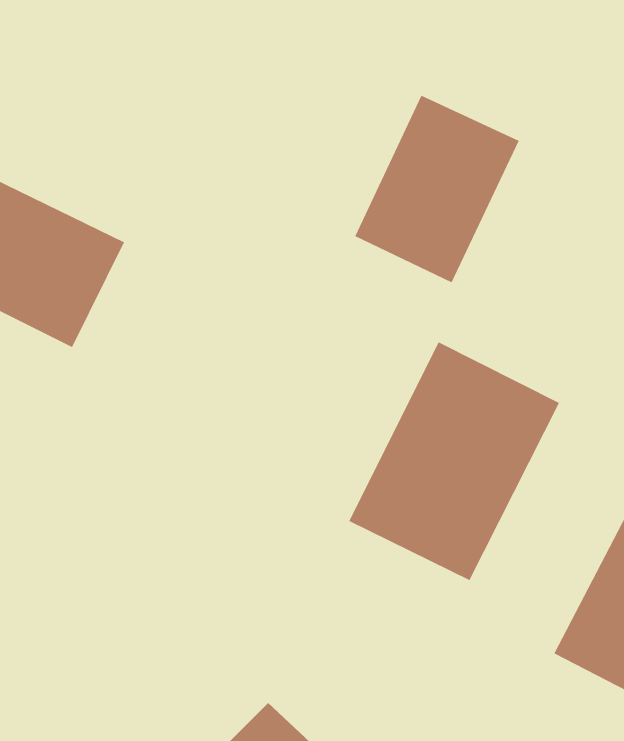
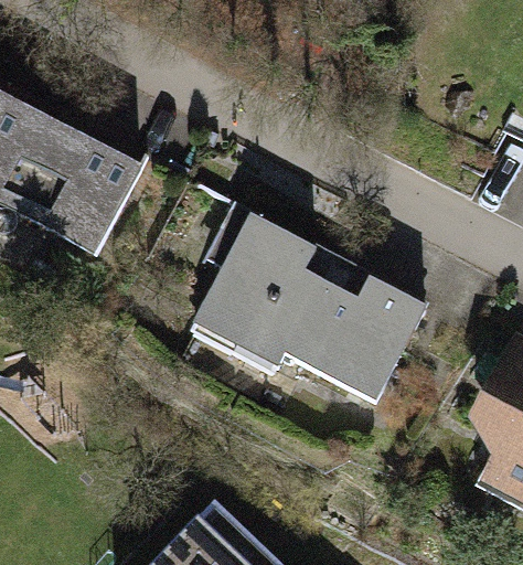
building: [354,95,519,283] -> none
building: none -> [205,209,348,373]

